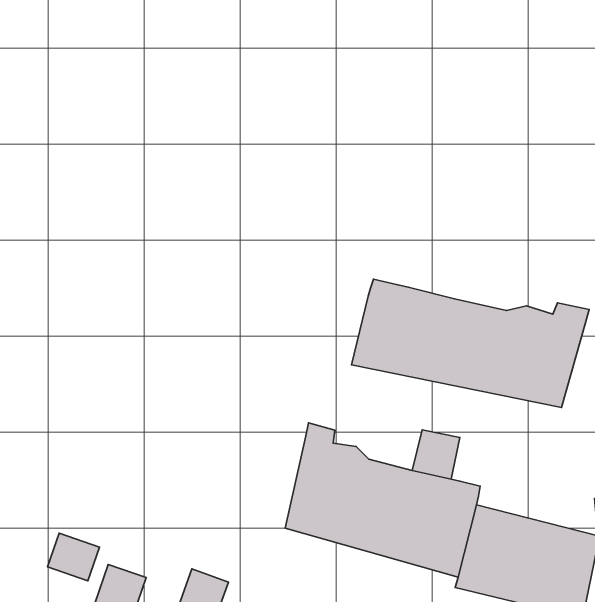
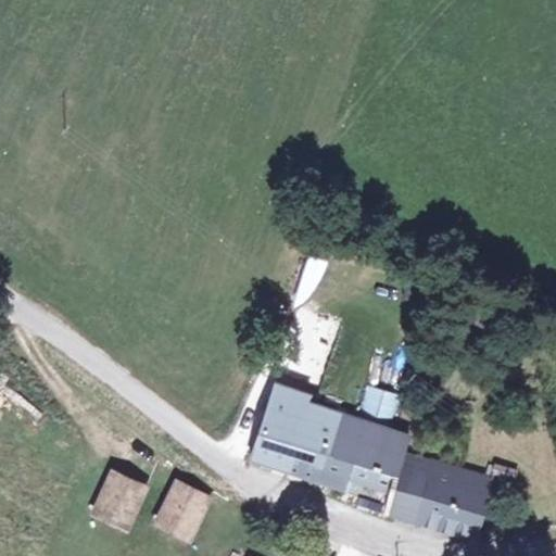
building: [352,279,589,407] -> none
building: [48,533,99,581] -> none

